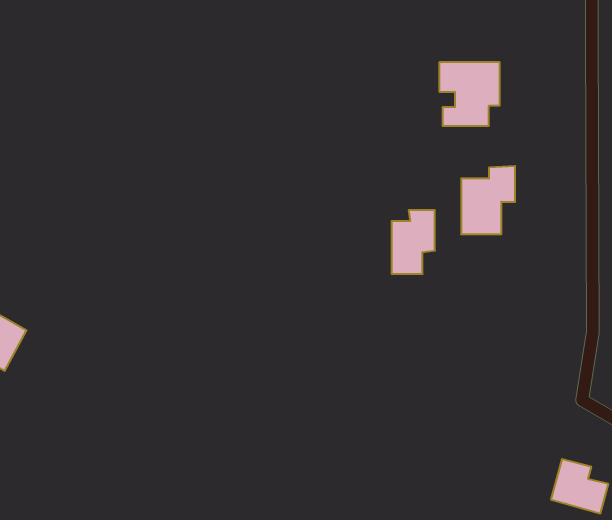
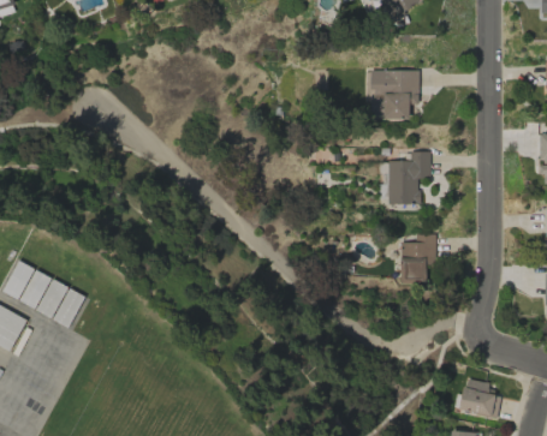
building: [392,210,435,274] -> [402,233,435,282]
building: none -> [36,279,84,327]

